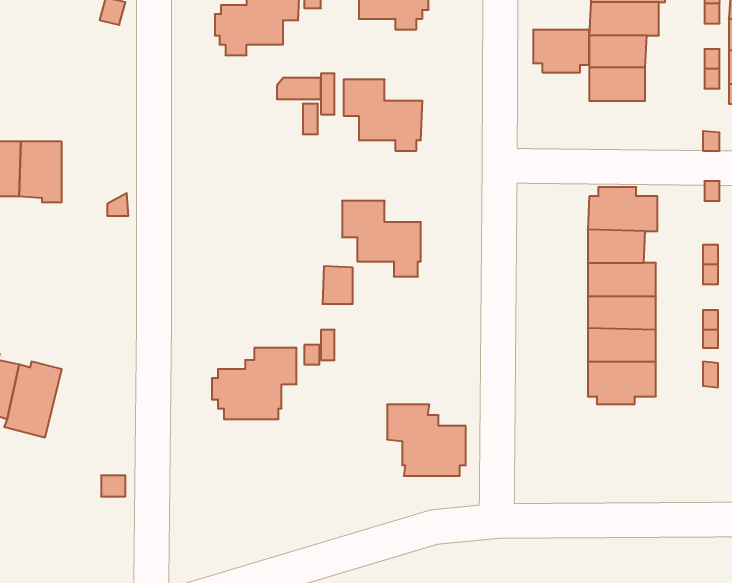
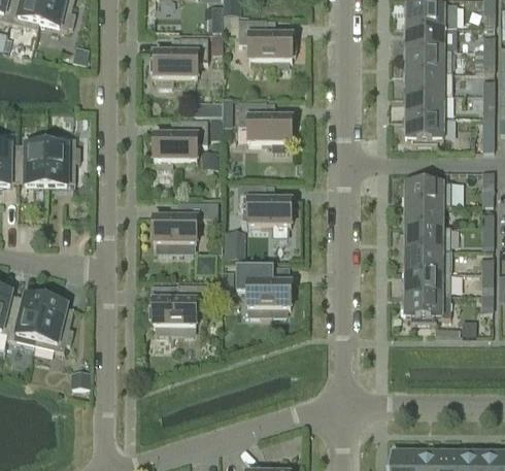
building: [533,30,589,72] -> [405,115,443,144]
building: none -> [154,119,207,167]
building: none -> [46,137,79,184]
building: none -> [153,201,207,249]
building: none -> [35,298,74,350]
building: [387,405,466,476] -> [237,266,291,314]

